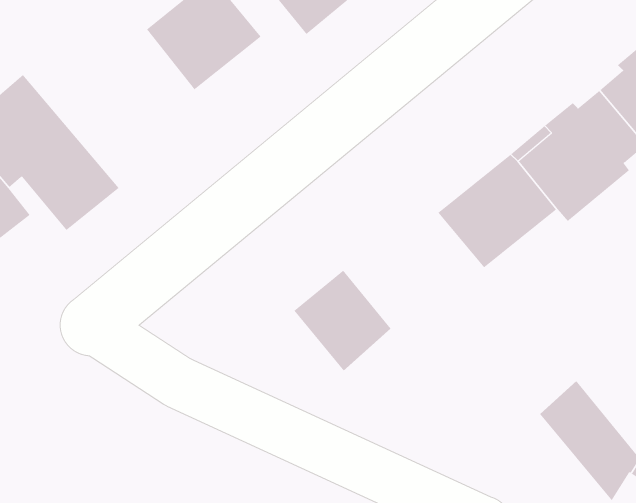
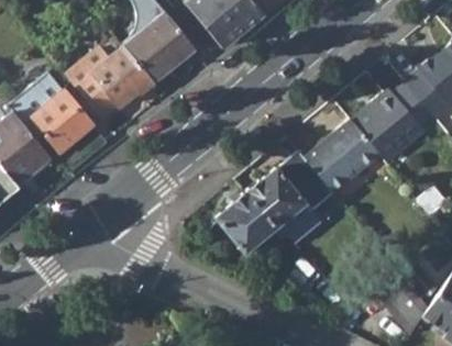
building: none -> [65,44,154,119]
building: none -> [246,152,335,228]

